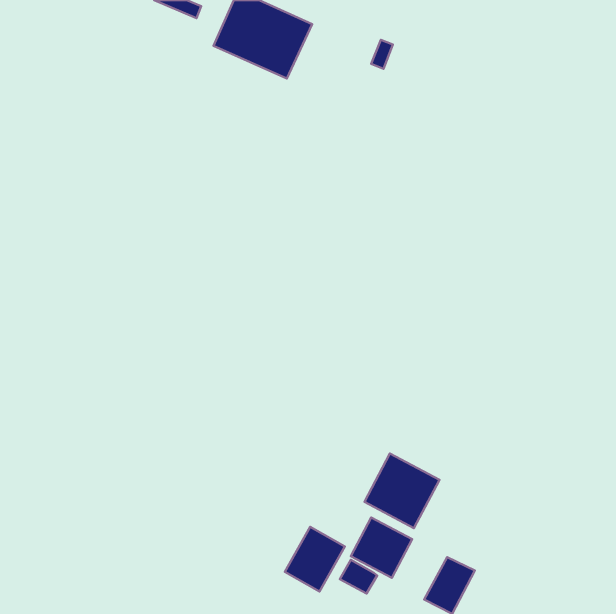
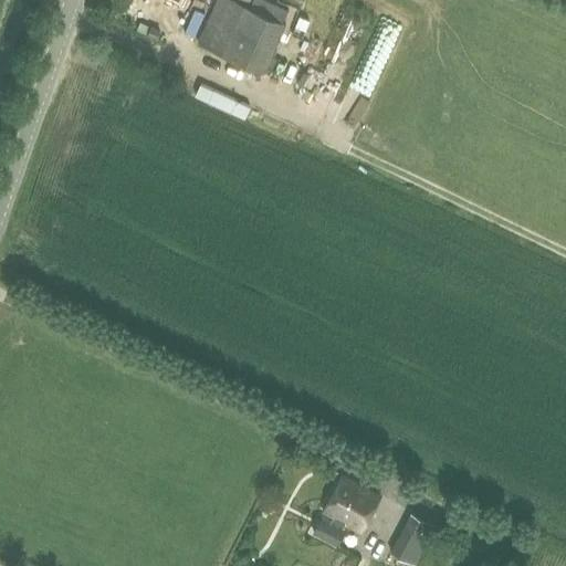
building: [364,454,439,528] -> none
building: [285,527,345,591] -> none

